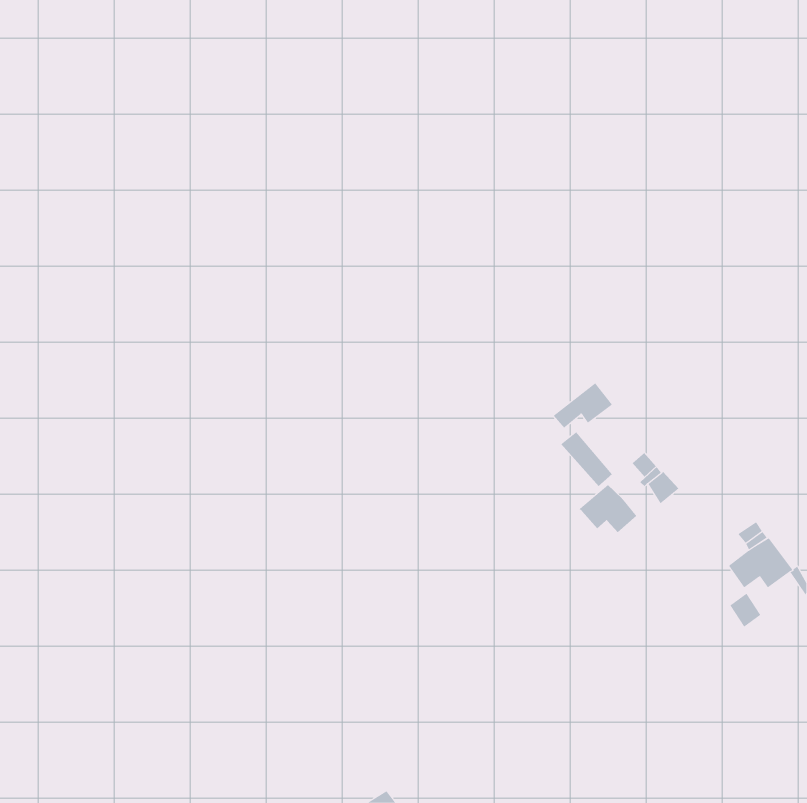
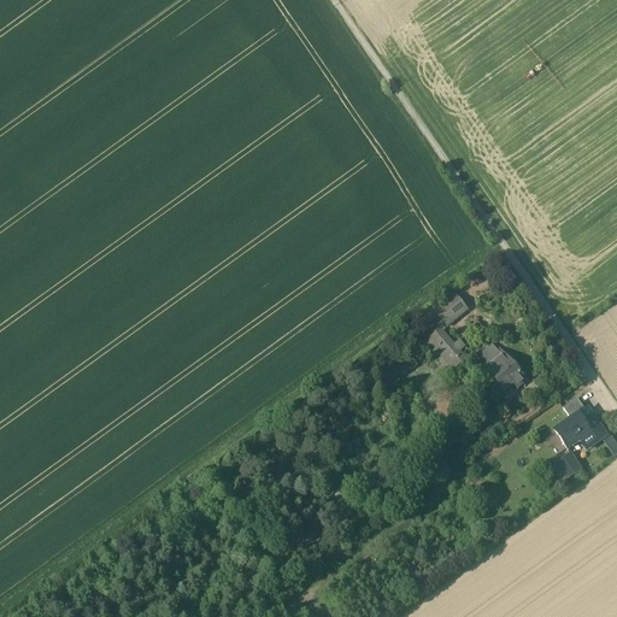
building: [579,484,637,533] -> none

